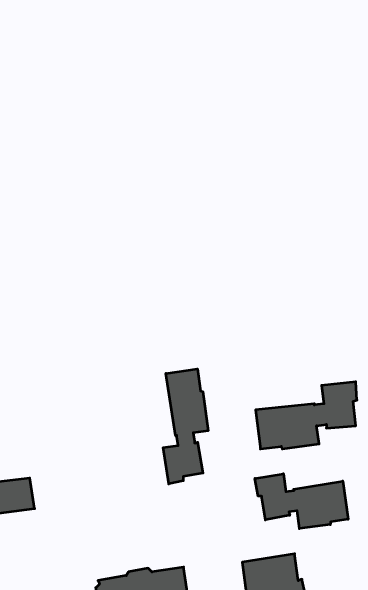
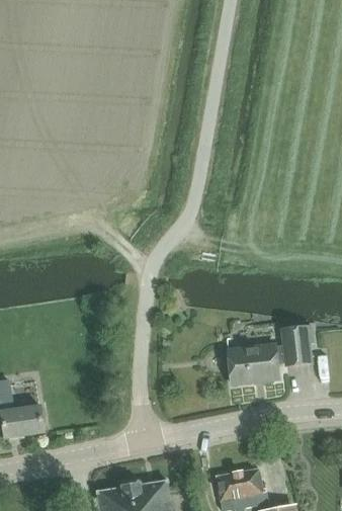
building: [163,369,208,484] -> none
building: [255,474,348,529] -> none

